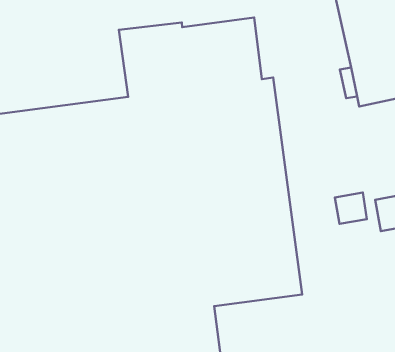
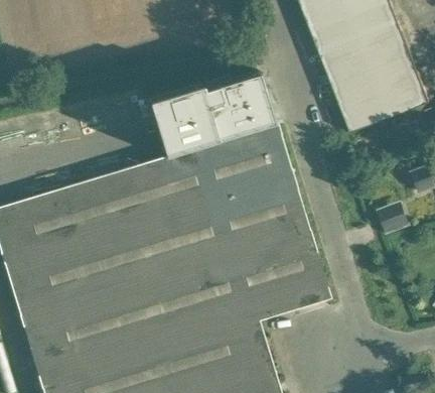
building: [335,193,367,224] -> none

